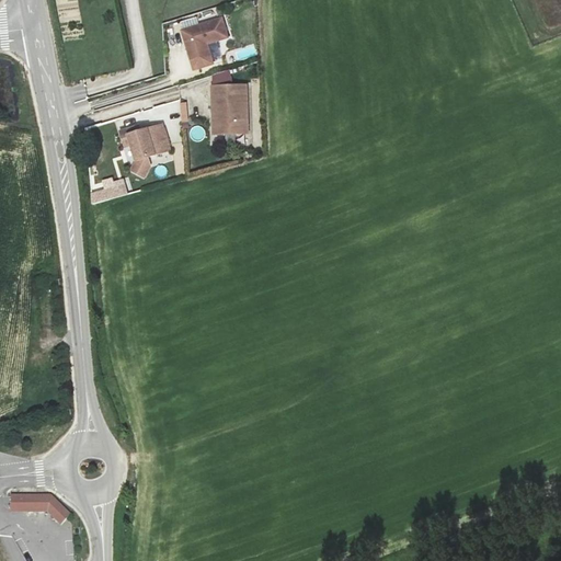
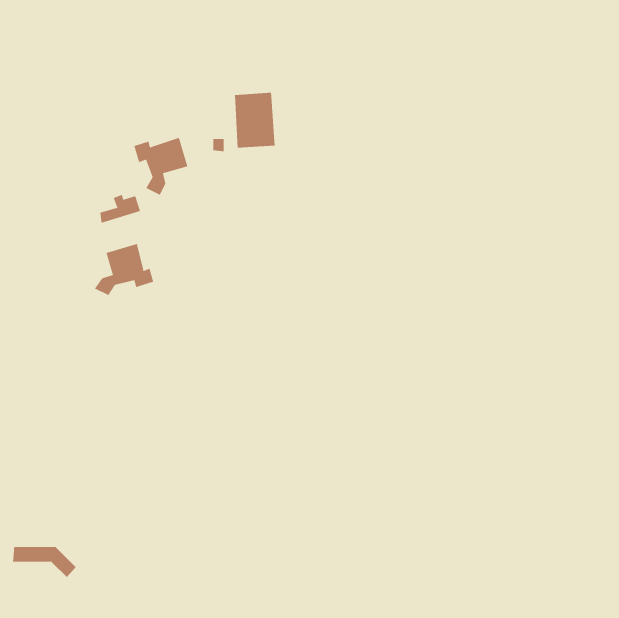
building: [182,18,227,60] -> none
building: none -> [94,243,154,296]

